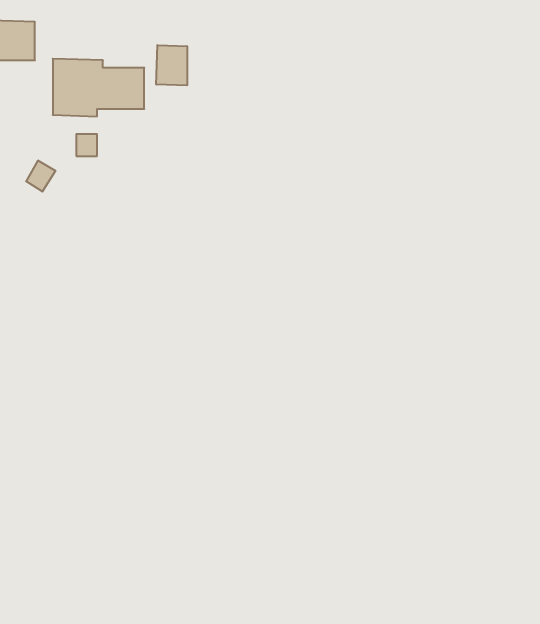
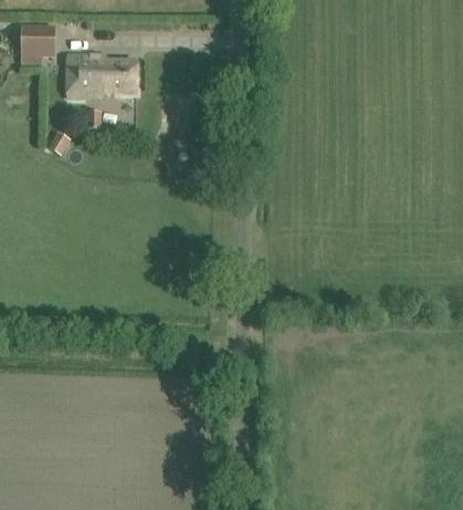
building: [156,45,187,85] -> none

